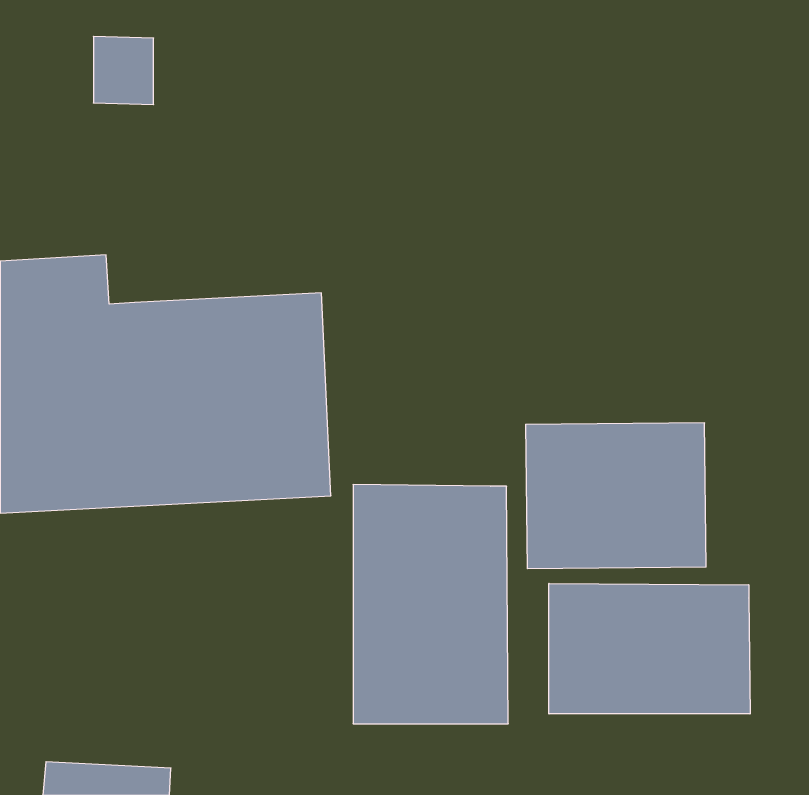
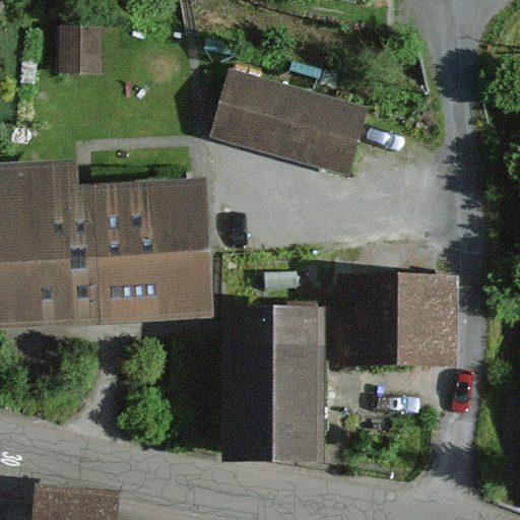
building: none -> [215,66,367,168]
building: [549,583,750,714] -> none

